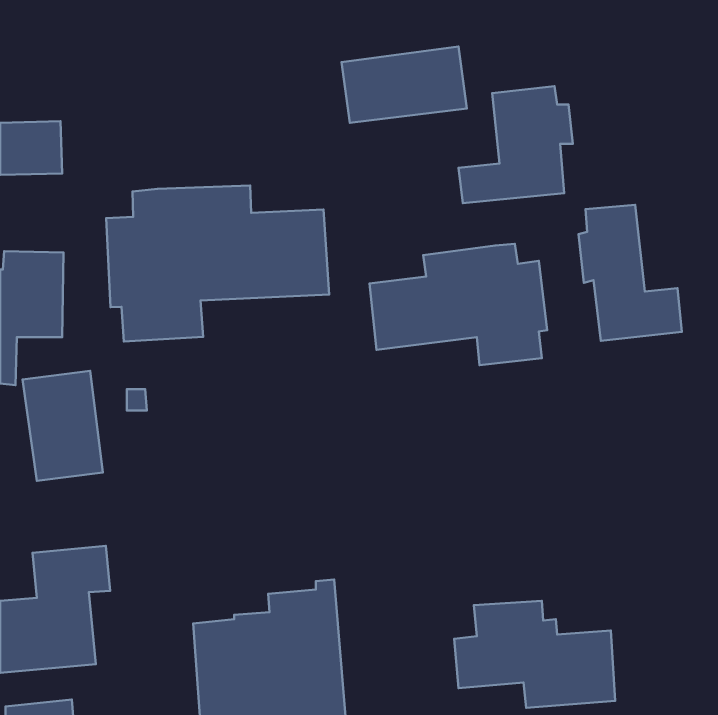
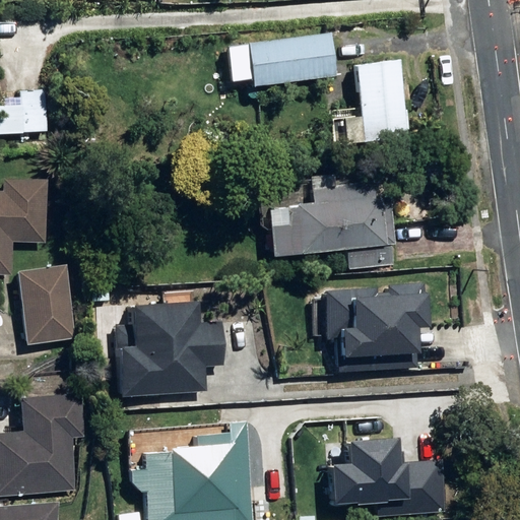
building: [106,186,329,341] -> none
building: [578,205,682,341] -> none
building: none -> [323,286,422,368]
building: none -> [116,300,218,393]

